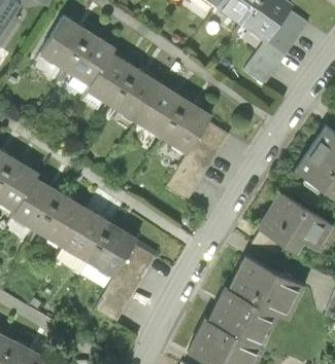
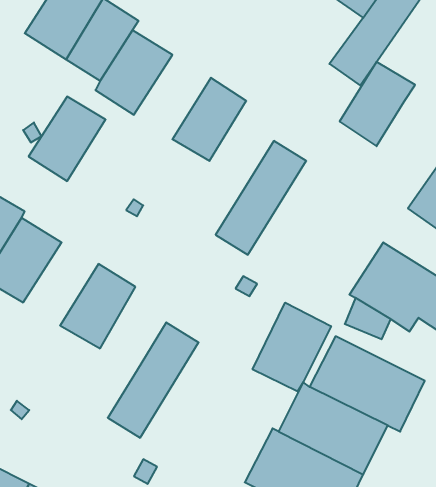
building: [110,67,162,123] -> [29,97,106,181]
building: [161,98,211,154] -> [340,62,415,146]
building: [36,192,87,248] -> none
building: [88,222,137,278] -> none
building: none -> [253,303,331,391]

